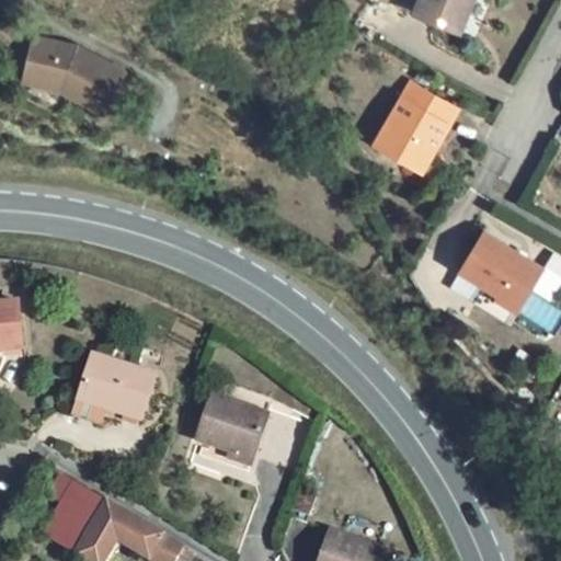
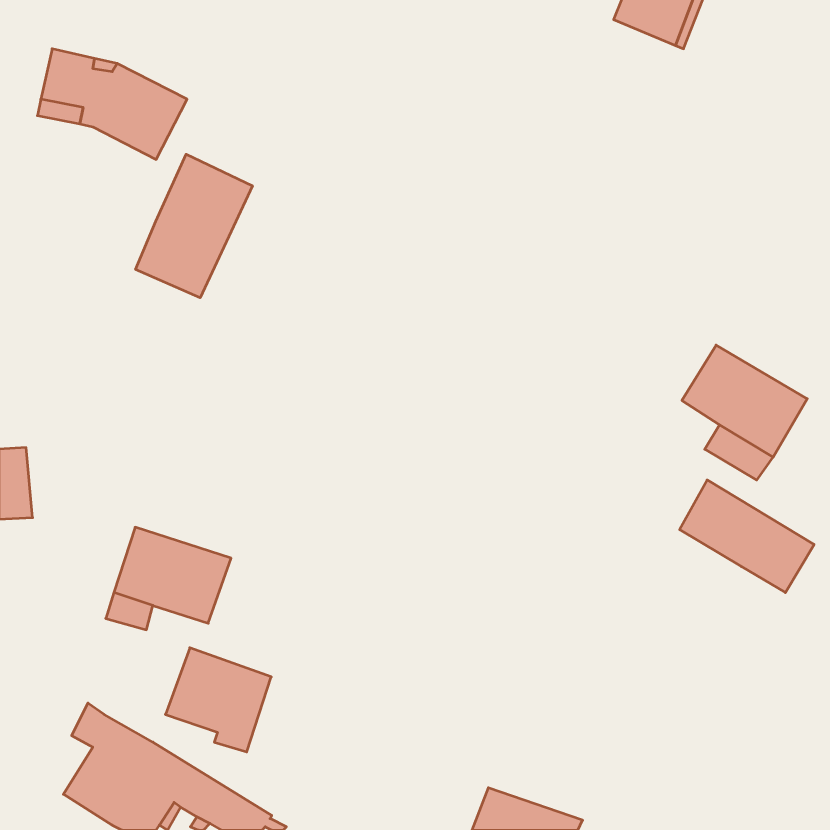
building: [375,82,457,170] -> none
building: none -> [136,154,252,298]
building: none -> [680,480,814,593]
building: [195,394,266,465] -> [165,648,271,752]

